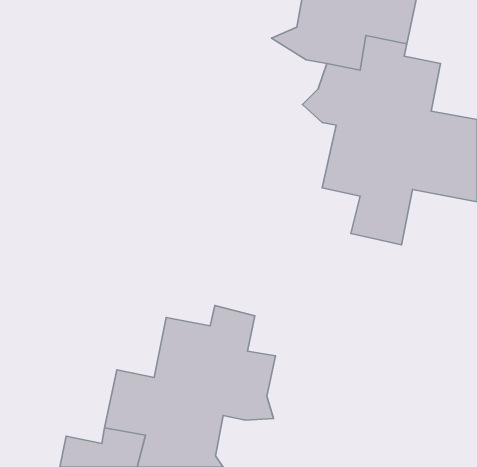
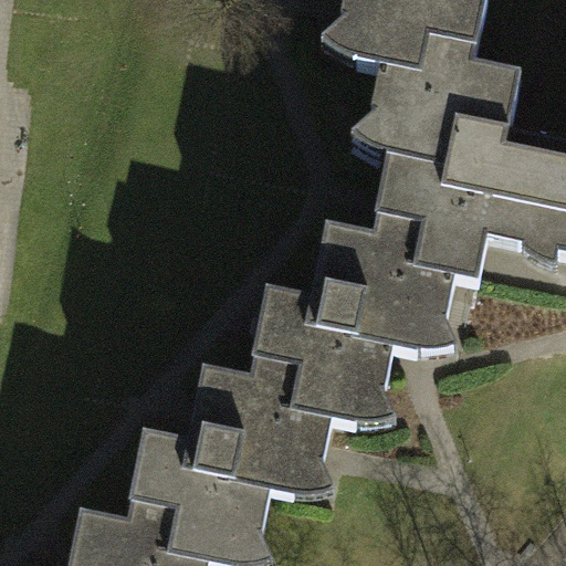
building: none -> [254,222,451,428]

